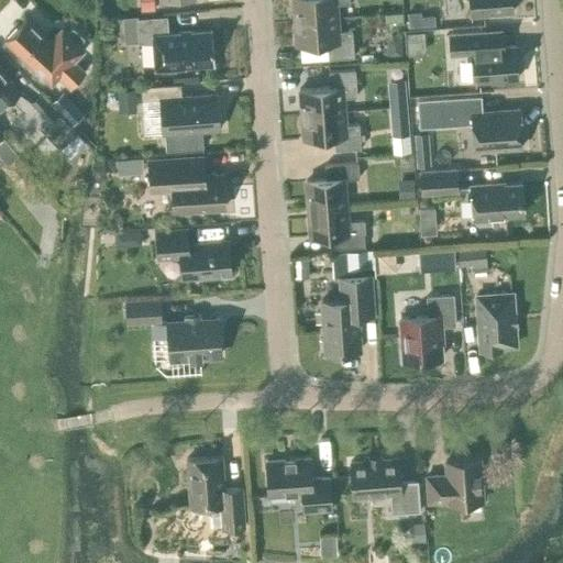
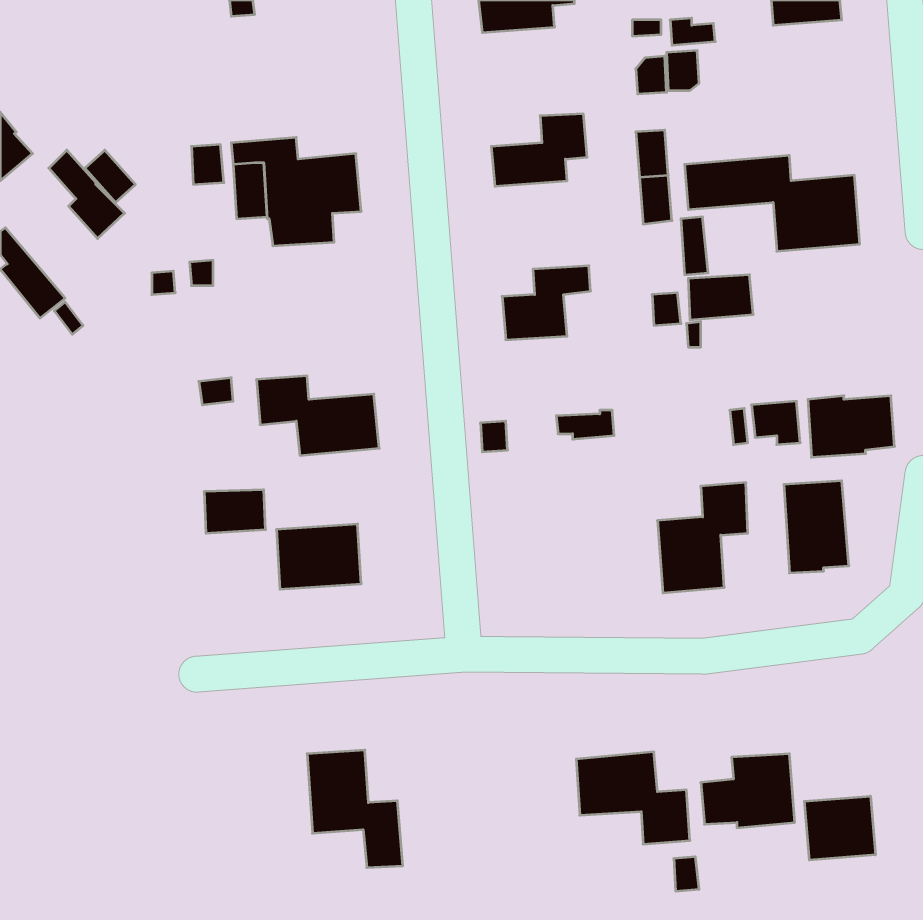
building: [136,19,214,73] -> none
building: [294,19,354,60] -> none
building: [5,20,86,88] -> none
building: [450,32,518,84] -> none
building: [301,112,361,152] -> none
building: [148,158,225,212] -> none
building: [471,185,523,222] -> [808,396,895,457]
building: [308,207,365,251] -> none
building: [321,277,374,355] -> none
building: [266,460,332,514] -> none
building: none -> [804,796,875,860]

